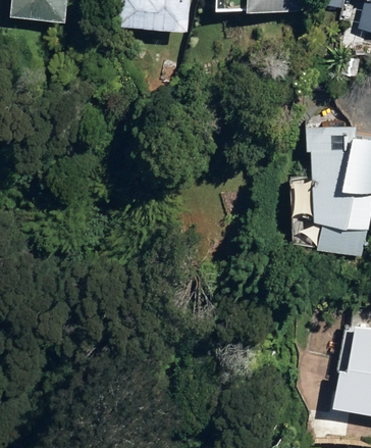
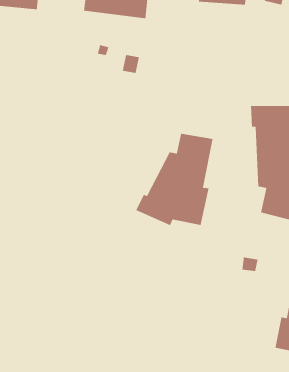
building: none -> [135,133,214,226]

